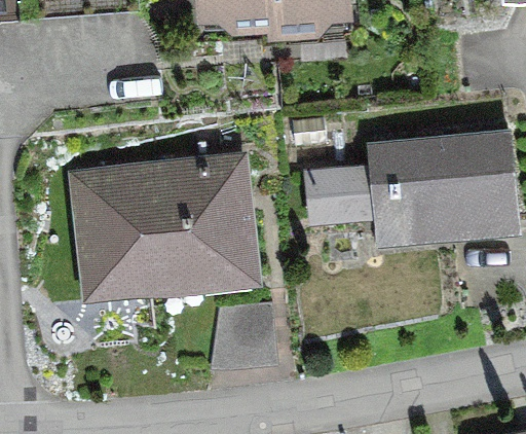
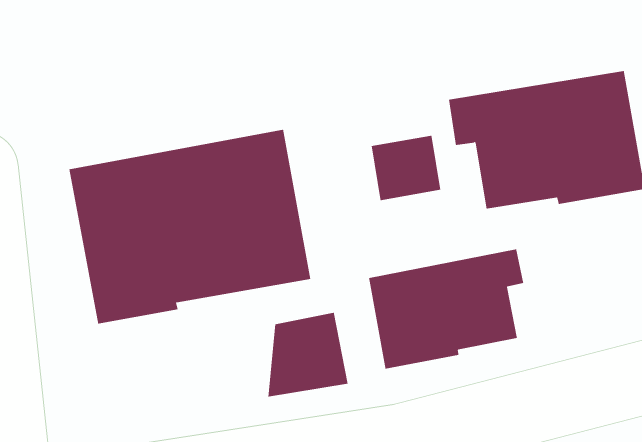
building: none -> [369,248,524,369]

